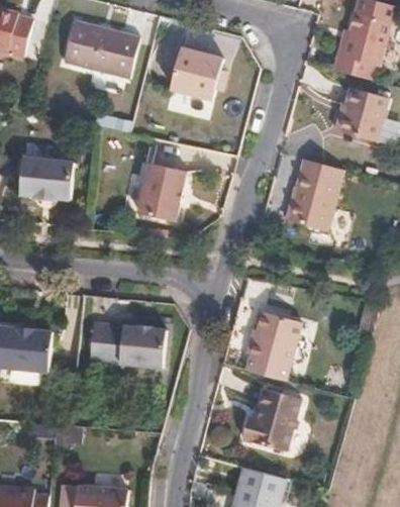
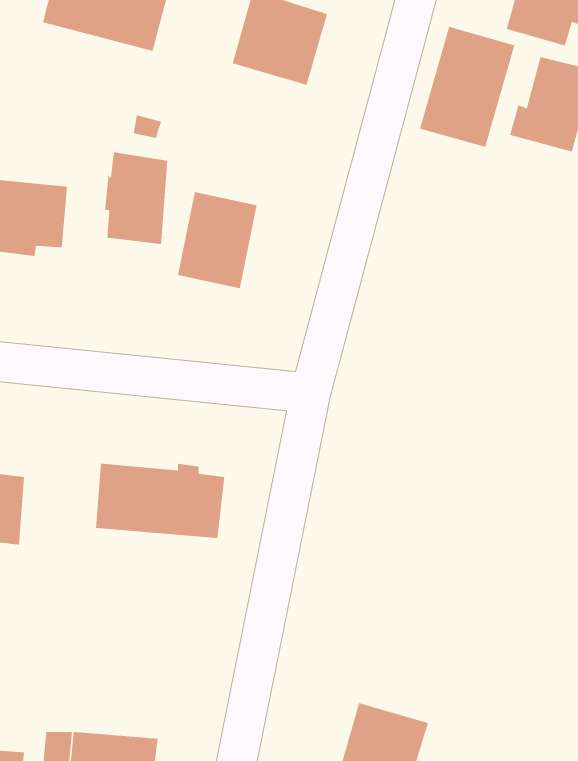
building: none -> [105,152,168,245]
building: [288,160,344,231] -> [419,26,515,148]
building: [248,310,301,379] -> none
building: [241,387,302,448] -> none

